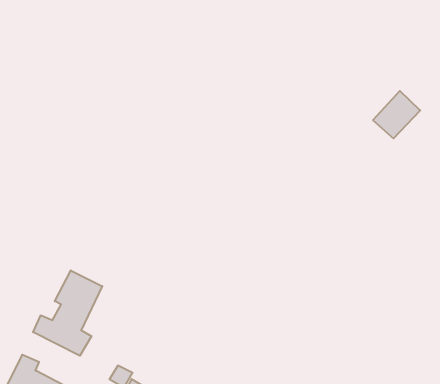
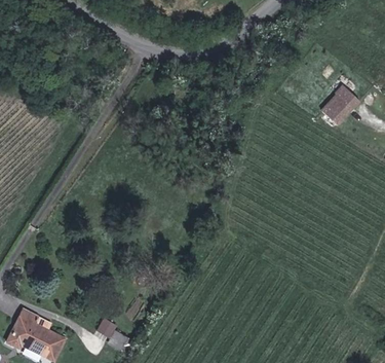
building: [33,270,102,356] -> none

